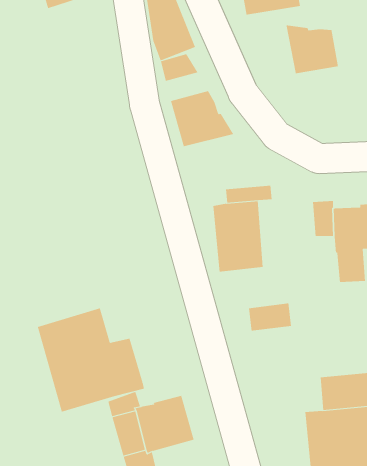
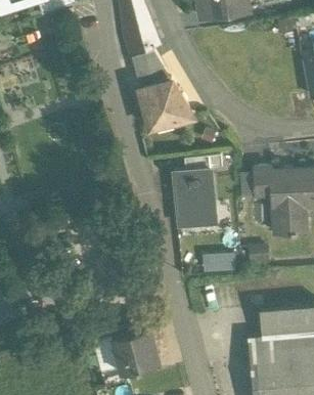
building: [286,24,338,74] -> none
building: [37,308,144,412] -> none

